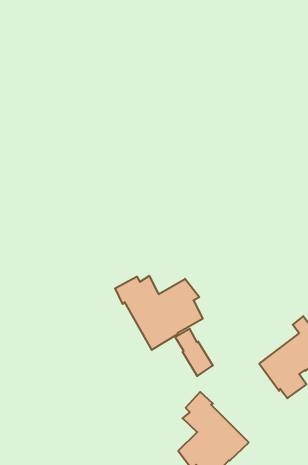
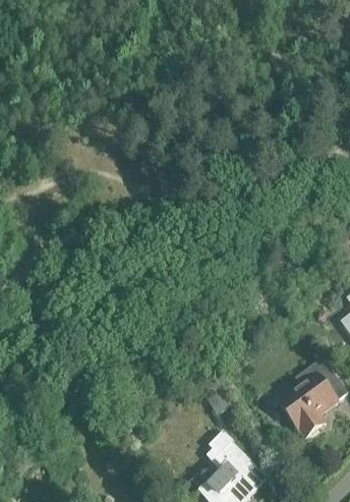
building: [115,276,203,350] -> none

